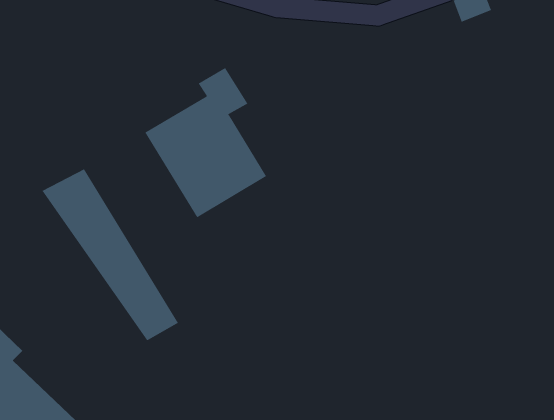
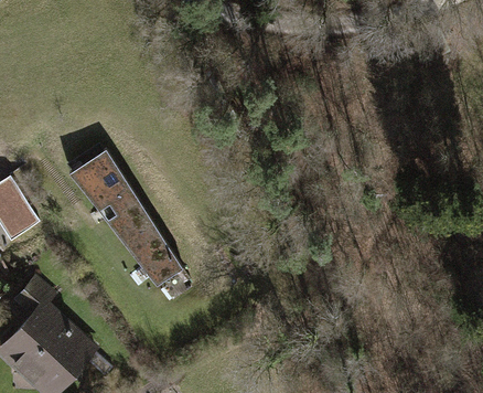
building: [145,67,267,218] -> none

